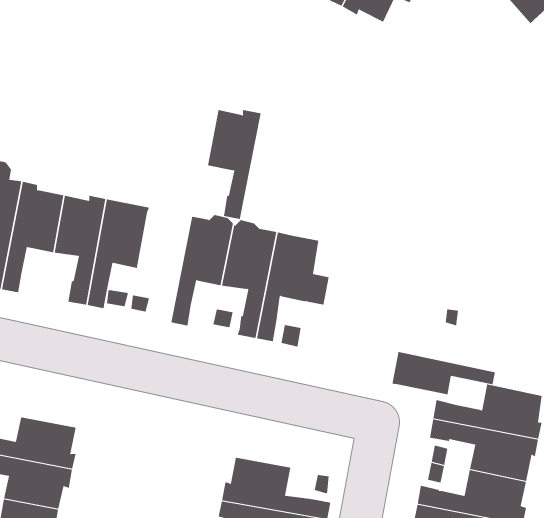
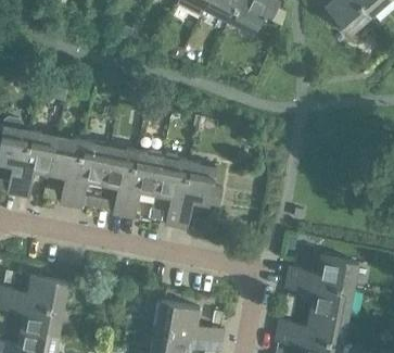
building: [207,110,261,220] -> [103,149,137,217]
building: [392,351,496,395] -> none

